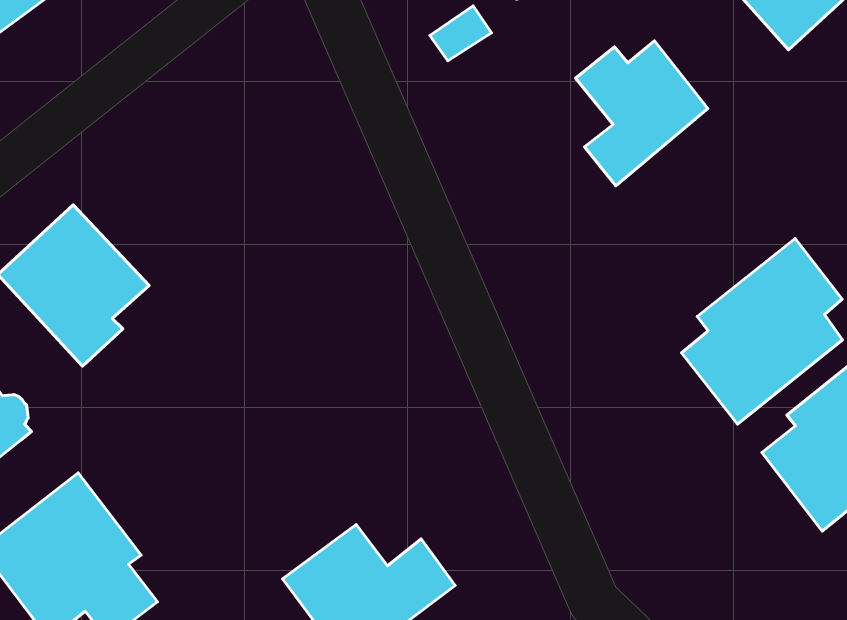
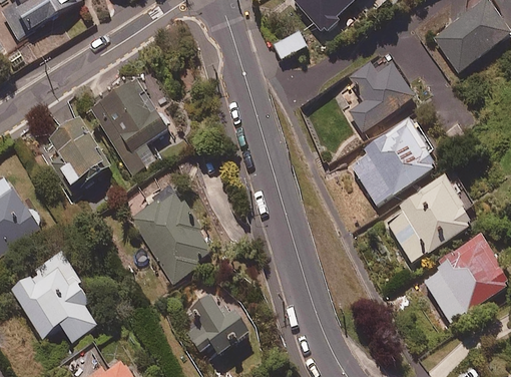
building: none -> [87,77,168,173]
building: none -> [349,120,437,207]
building: none -> [129,187,213,285]

